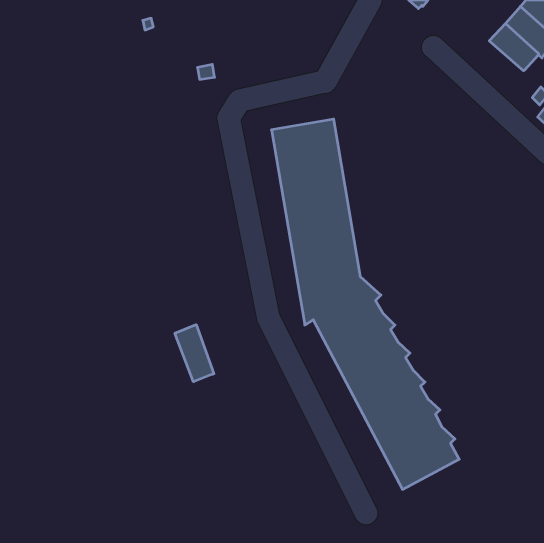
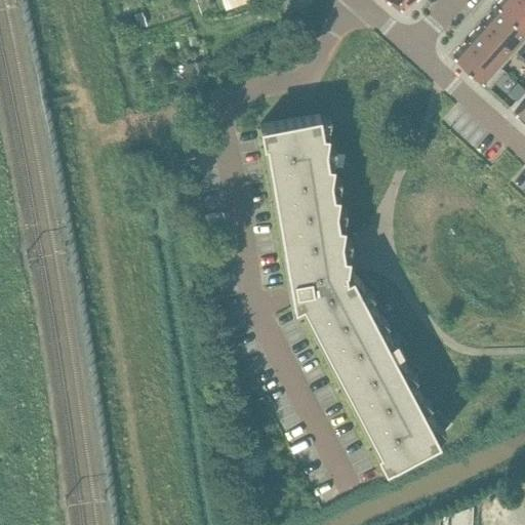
building: none -> [456,44,509,93]
building: [175,325,214,382] -> none

